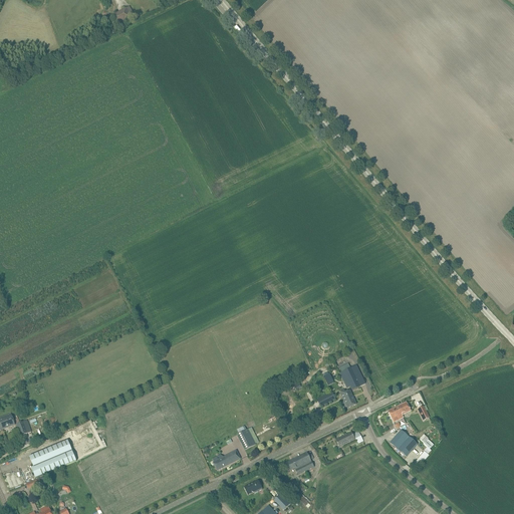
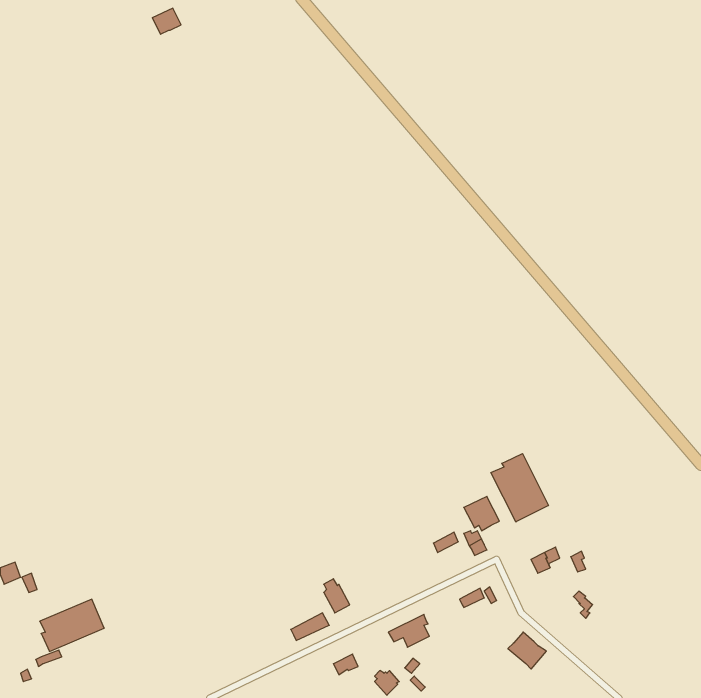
building: none -> [491,454,548,522]
building: [390,429,418,456] -> [508,632,546,669]

